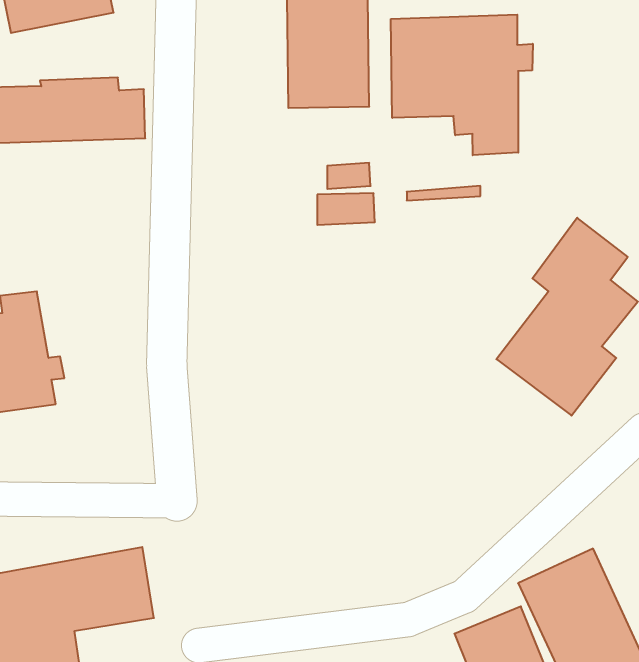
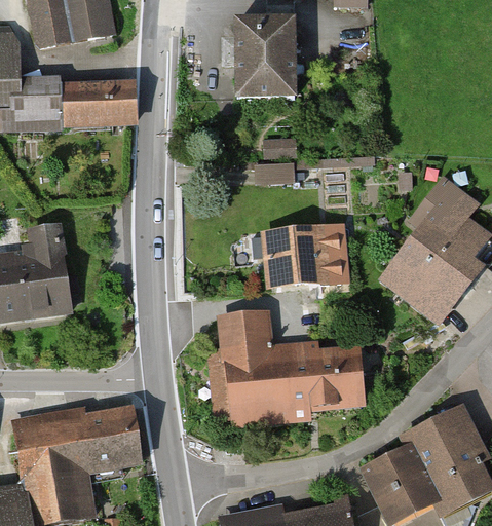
building: [391,15,533,155] -> none
building: none -> [272,227,342,283]
building: none -> [214,314,366,426]

